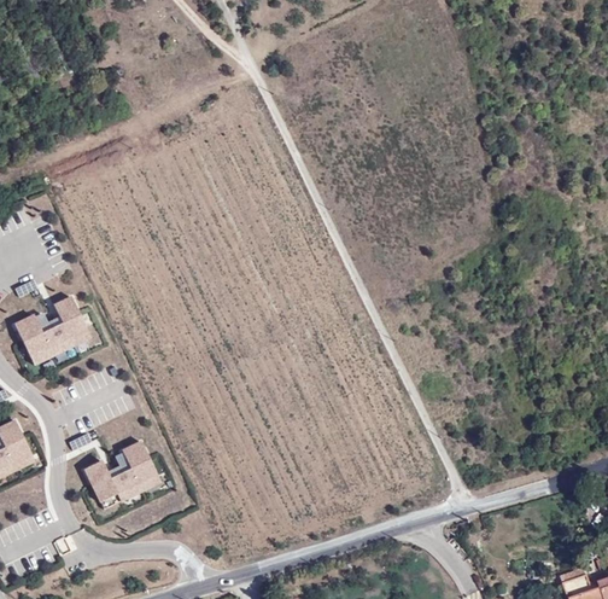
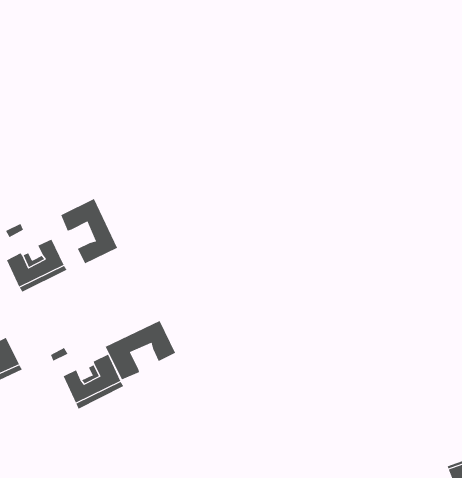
building: none -> [60,198,118,264]
building: none -> [105,320,176,380]

